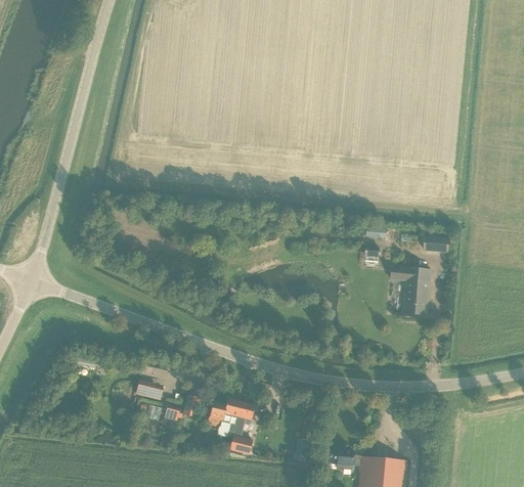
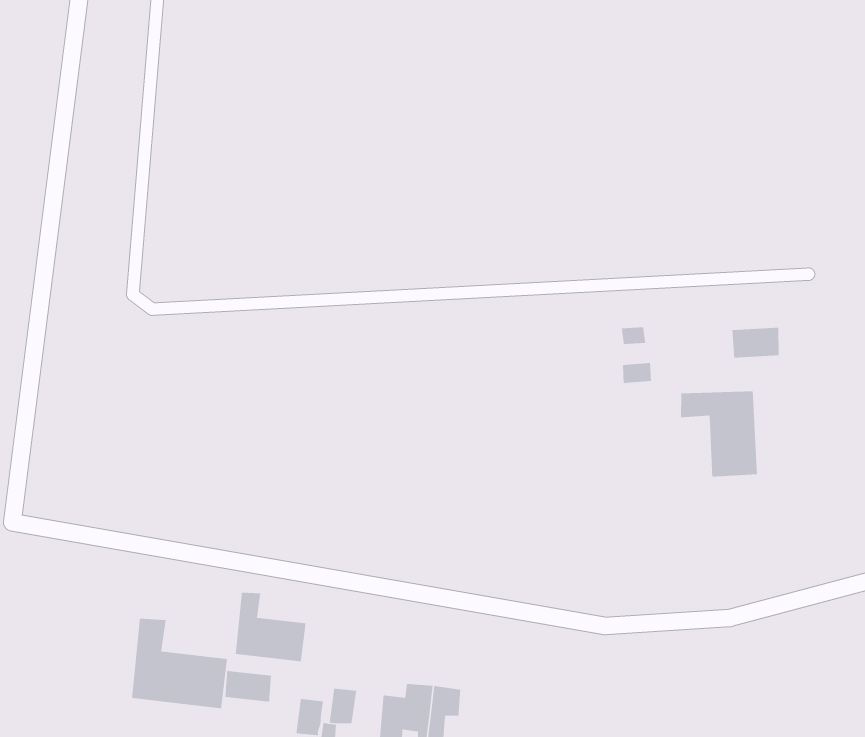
building: none -> [235,592,306,662]
building: none -> [131,618,228,709]

